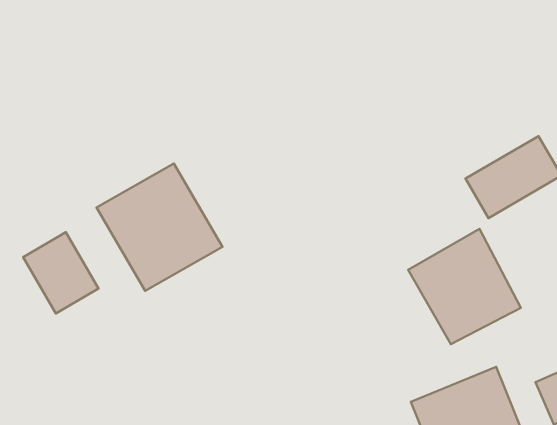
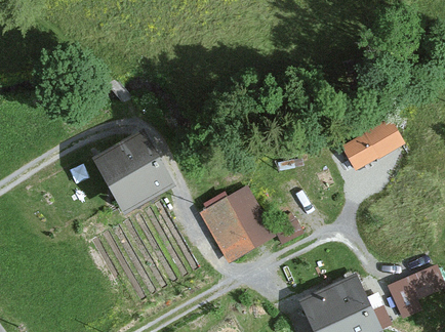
building: [408,229,521,344] -> [199,183,275,261]
building: [23,232,99,313] -> none

